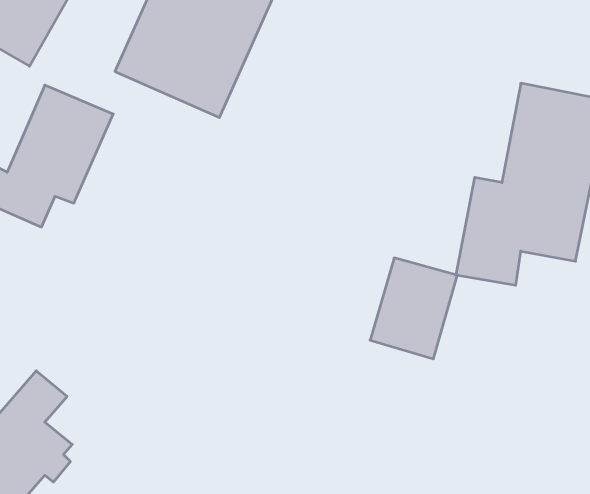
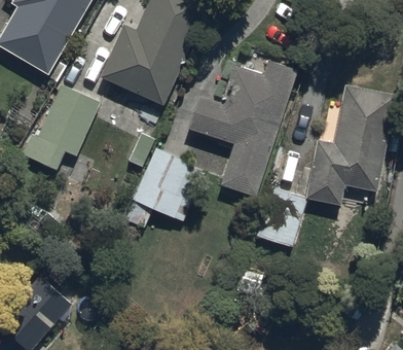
building: none -> [188,61,297,196]
building: none -> [123,148,205,229]

